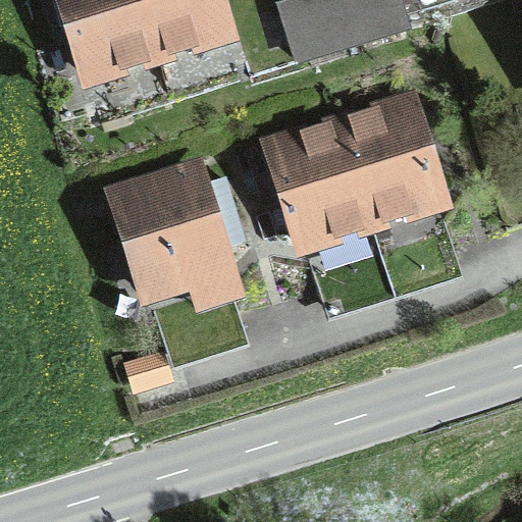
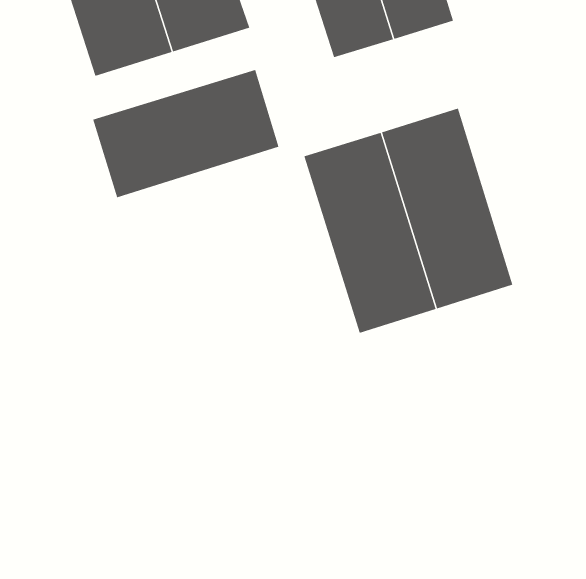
building: none -> [93,69,279,198]
building: [111,162,238,342] -> none

